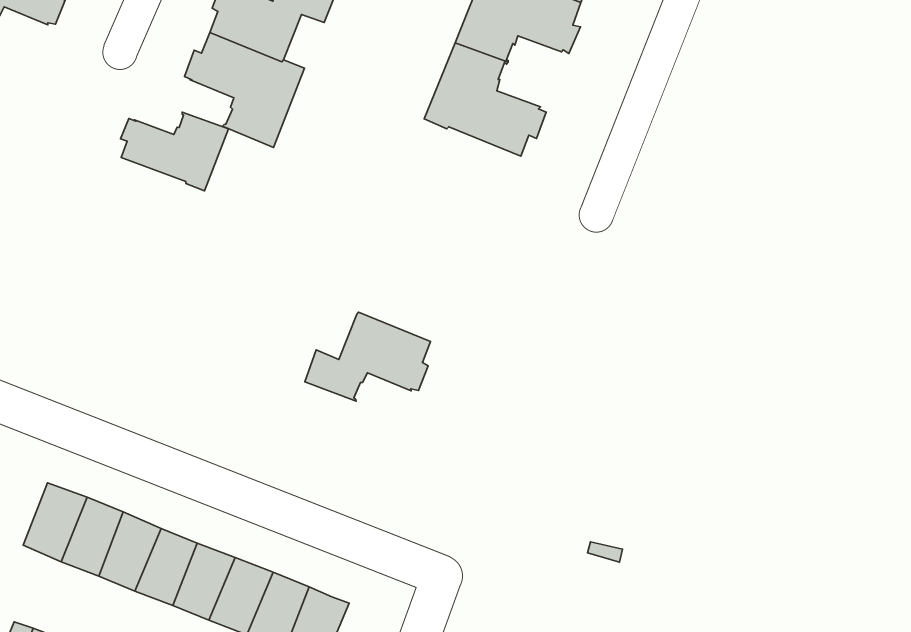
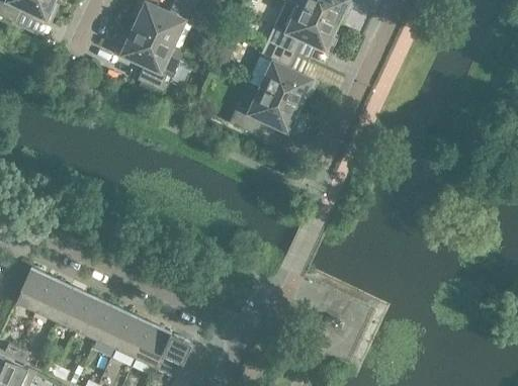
building: [120,112,228,191] -> none
building: [305,312,431,401] -> [230,87,299,135]

